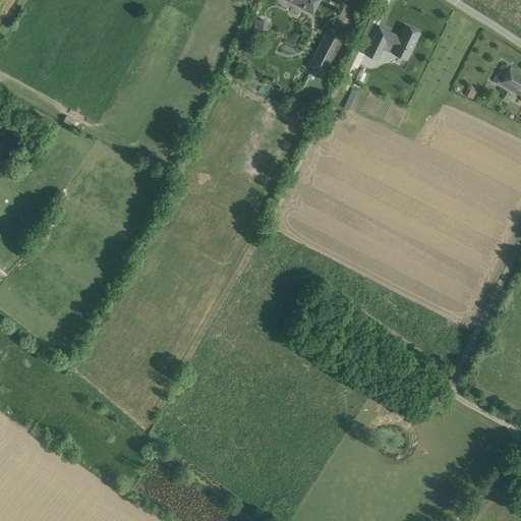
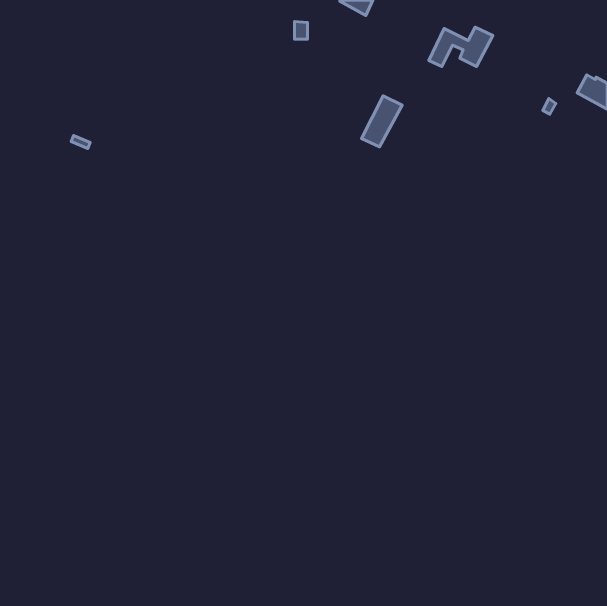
building: [310,28,345,72] -> [362,96,402,147]

